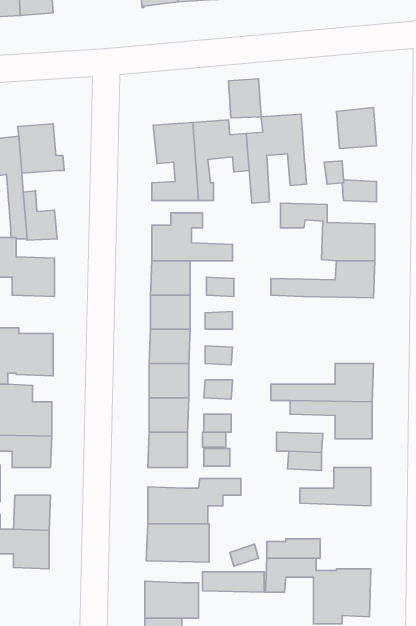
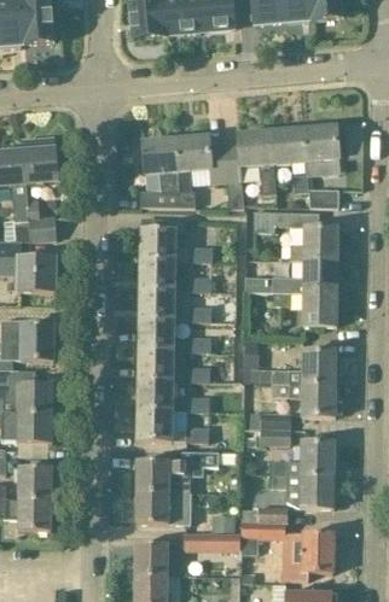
building: [228,79,261,118] -> none
building: none -> [272,128,306,164]
building: none -> [273,291,336,326]
building: none -> [271,473,333,508]

